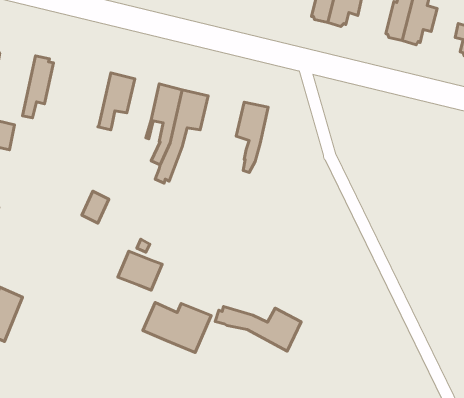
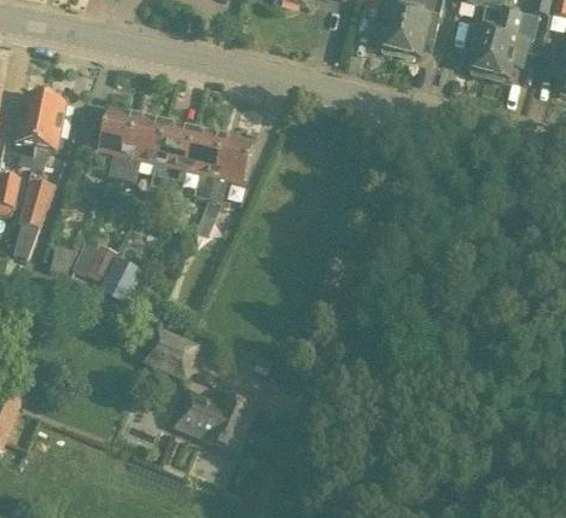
building: none -> [16,89,46,165]
building: none -> [99,107,136,179]
building: [236,102,268,172] -> [156,121,194,205]
building: none -> [13,177,57,257]
building: none -> [74,240,117,287]
building: [215,306,301,351] -> none

